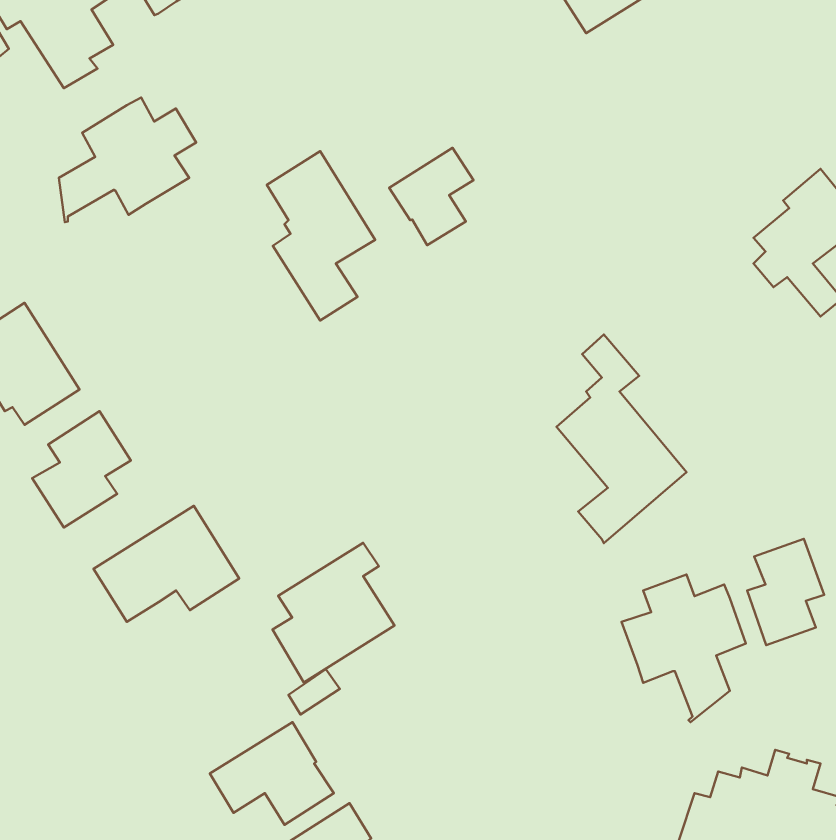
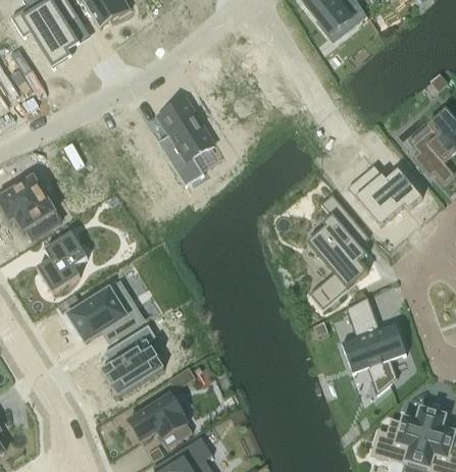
building: [59,97,196,222] -> none
building: [389,148,474,245] -> none
building: none -> [349,164,422,224]
building: [747,539,824,645] -> none
building: [272,543,395,683] -> [101,323,164,396]

